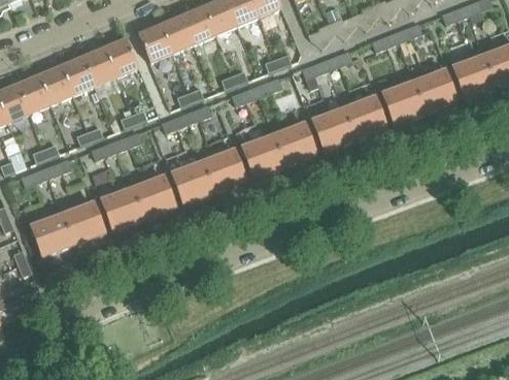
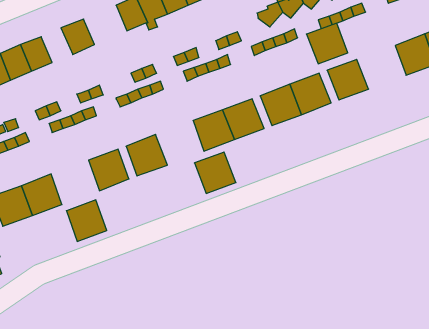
building: [138,25,172,62] -> none
building: [82,49,115,85] -> none
building: [412,70,455,113] -> [306,23,348,64]
building: [202,149,245,192] -> [194,152,236,193]
building: [101,187,143,230] -> [66,200,107,241]

